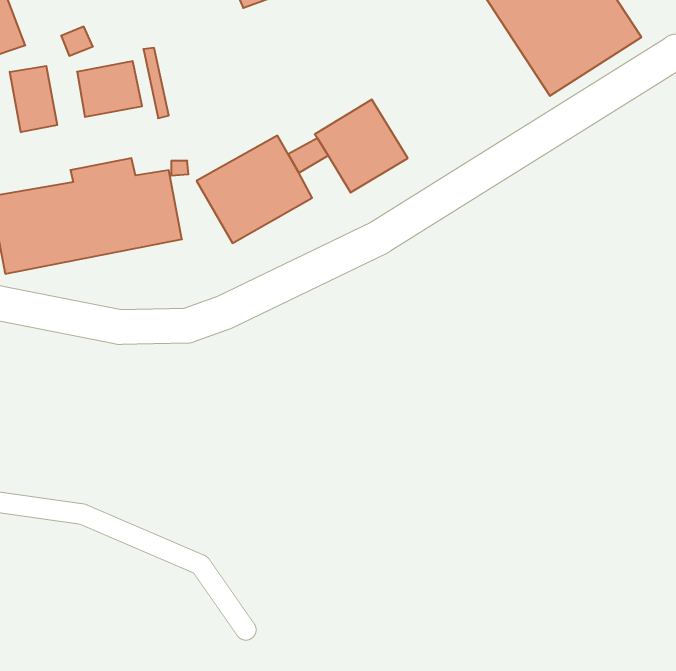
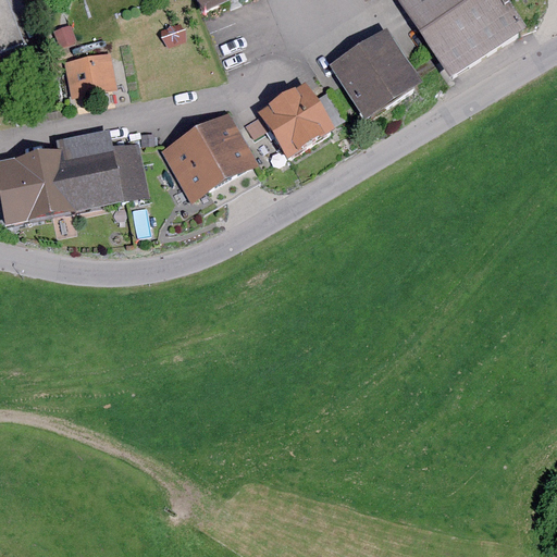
building: none -> [329,28,420,121]
building: [10,66,57,132] -> none

